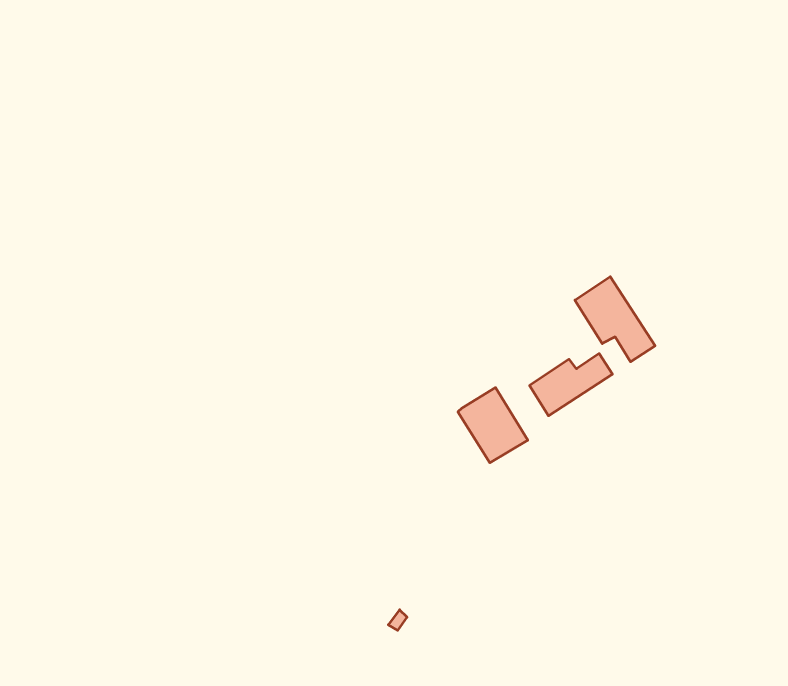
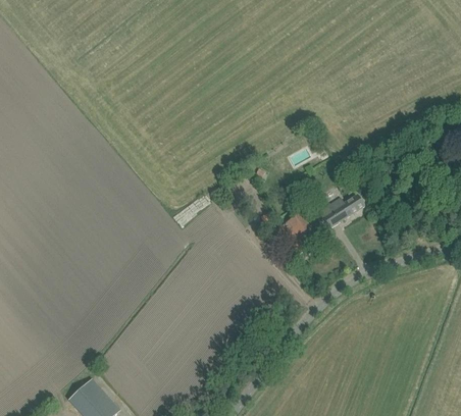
building: [575,277,655,362] -> none

